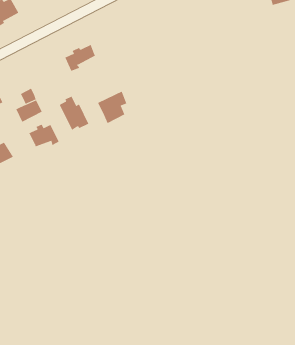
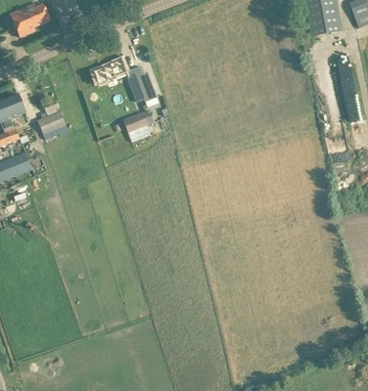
building: [59,96,89,130] -> [127,67,156,102]
building: [28,124,59,147] -> none

